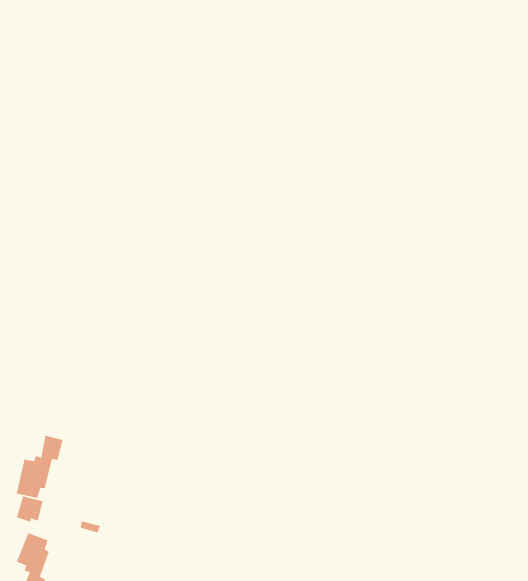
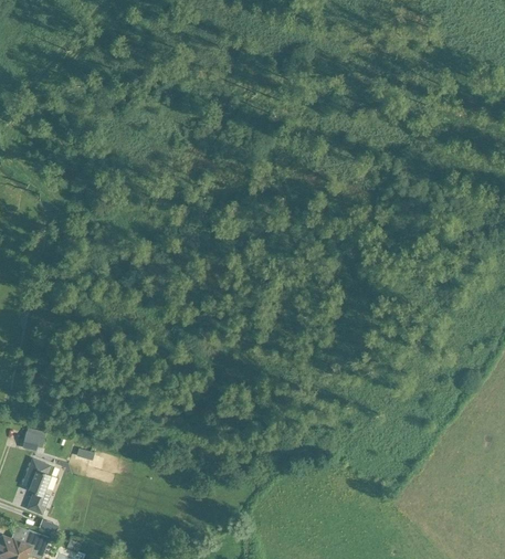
building: [16,435,64,499] -> none

